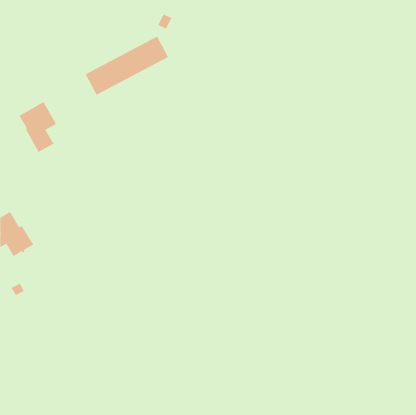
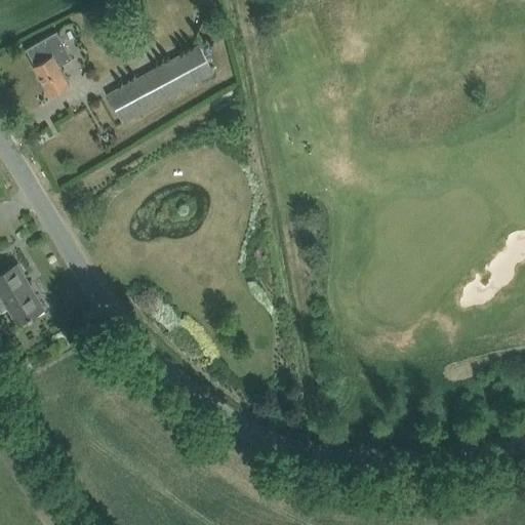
building: [19,101,57,153] -> [25,32,73,96]

